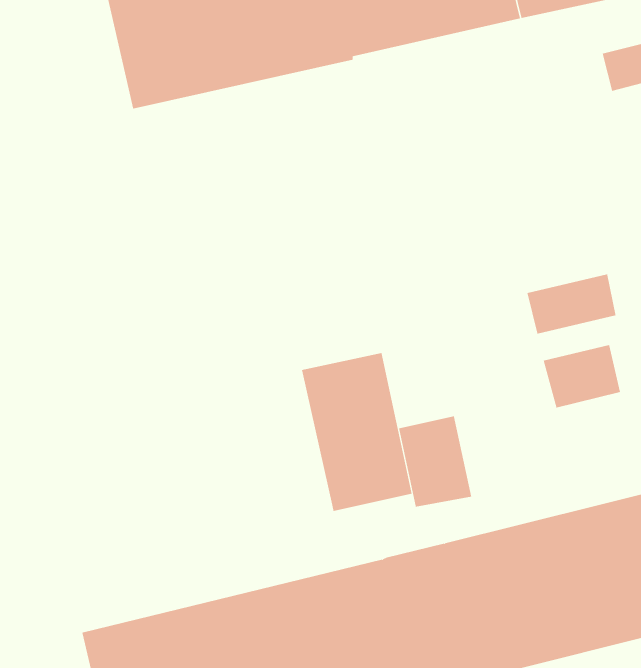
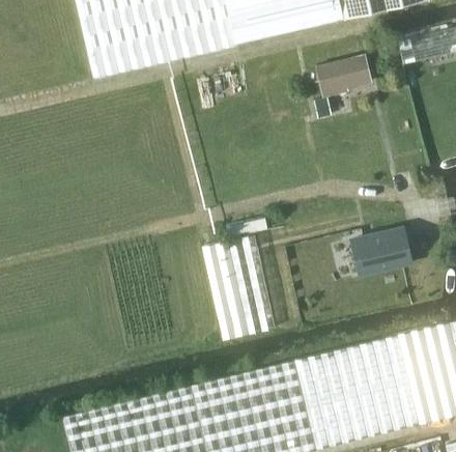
building: none -> [316,53,374,118]
building: [527,273,616,334] -> none
building: [399,416,472,508] -> none

